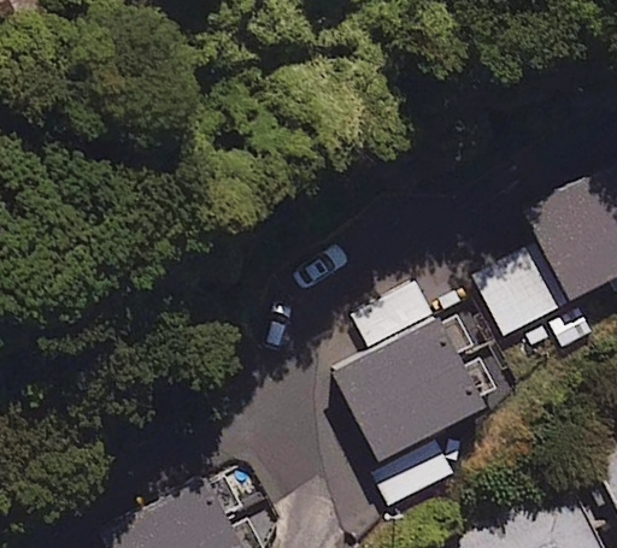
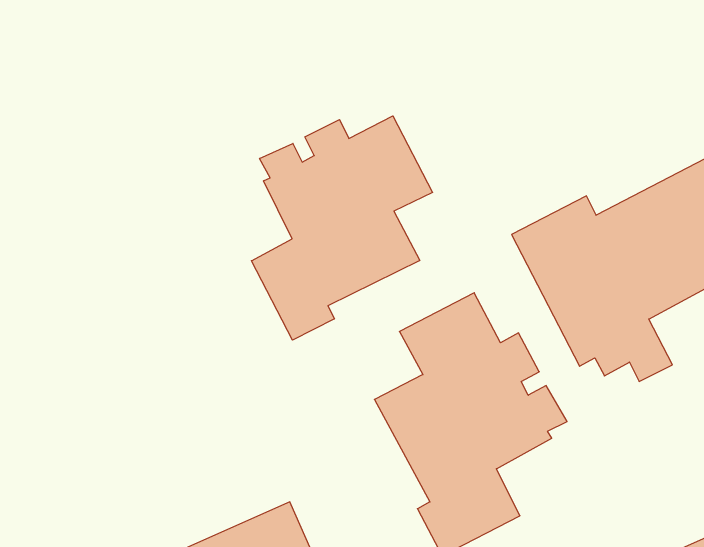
building: none -> [251,116,433,340]

